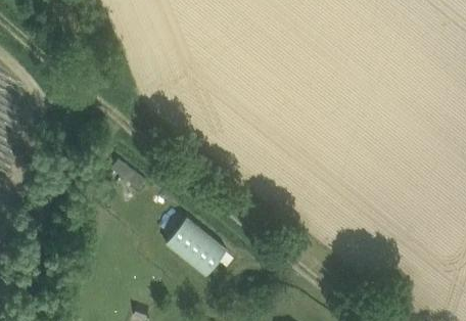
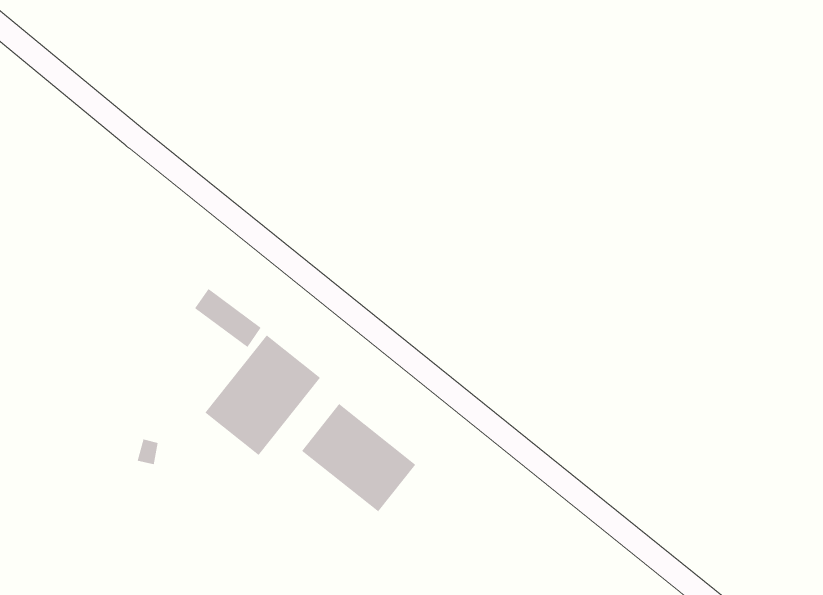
building: none -> [204,334,321,456]

